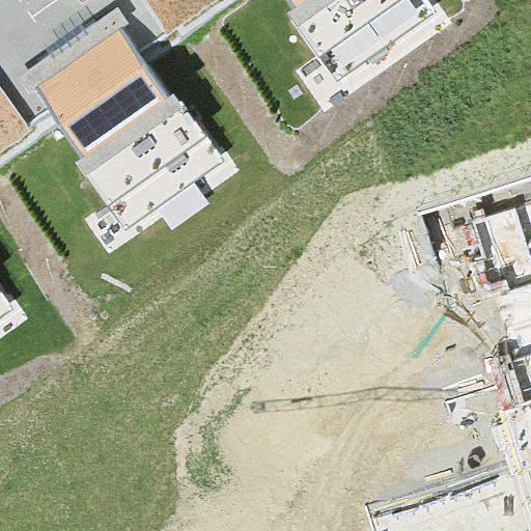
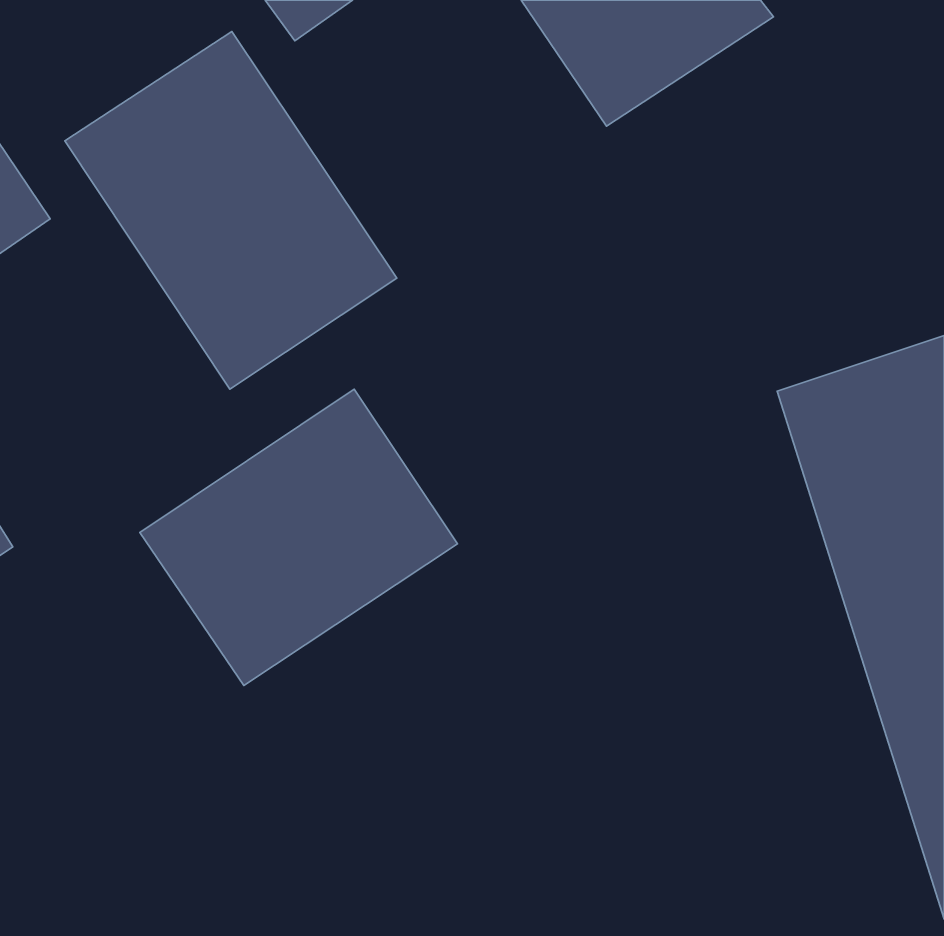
building: none -> [140,389,457,686]

